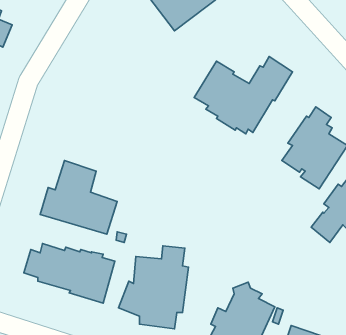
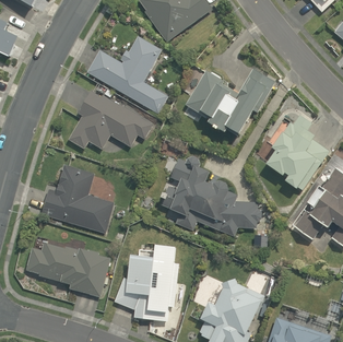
building: none -> [87,36,167,113]
building: none -> [68,89,153,149]
building: none -> [161,155,261,236]

